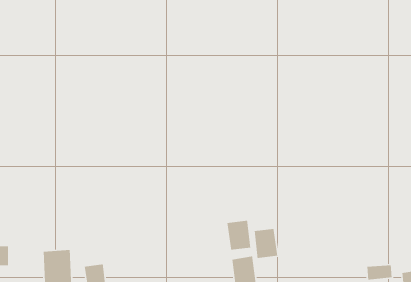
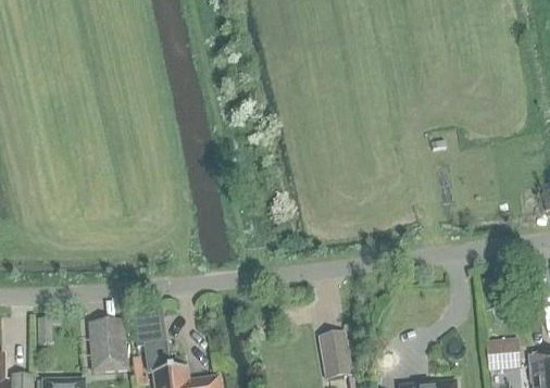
building: [227,220,251,251] -> none
building: [254,228,278,259] -> none

